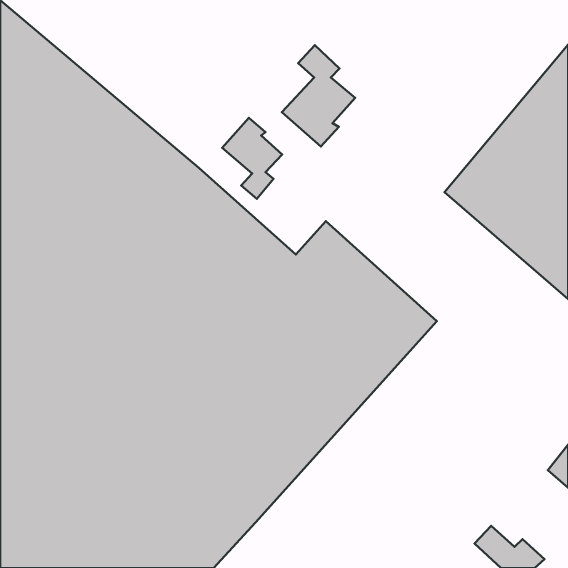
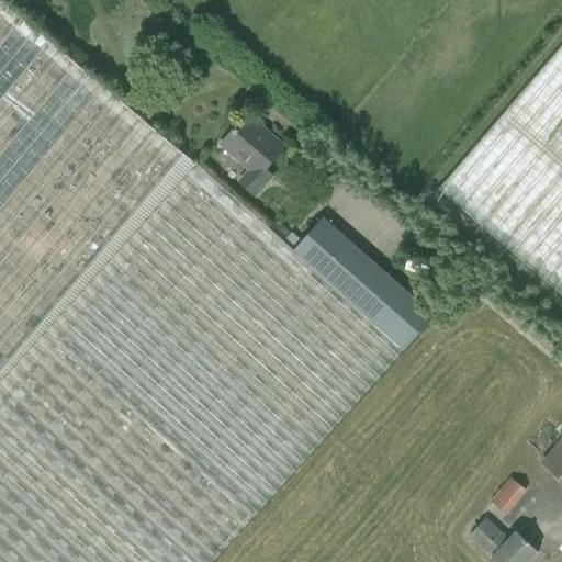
building: [282,45,355,147] -> none
building: none -> [490,479,526,515]

